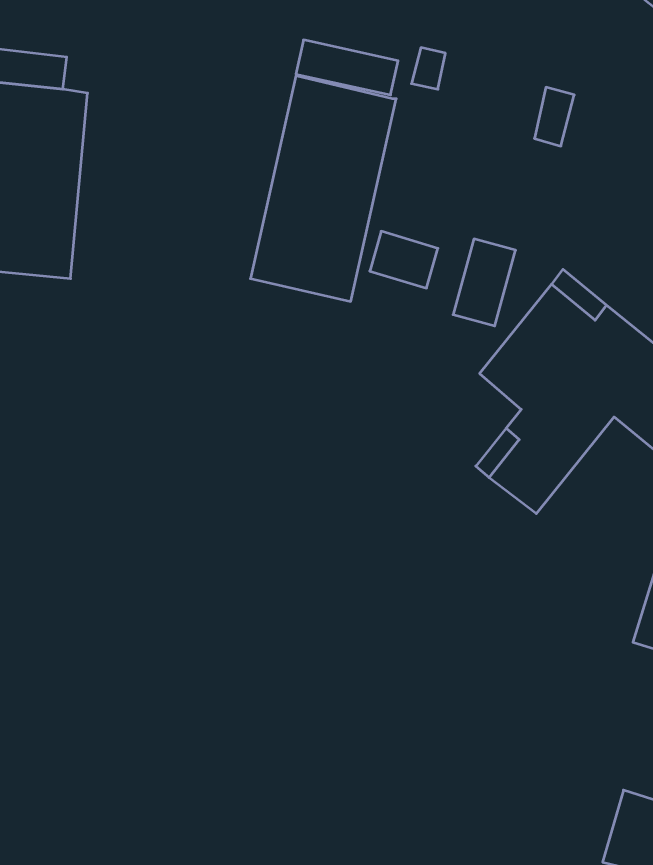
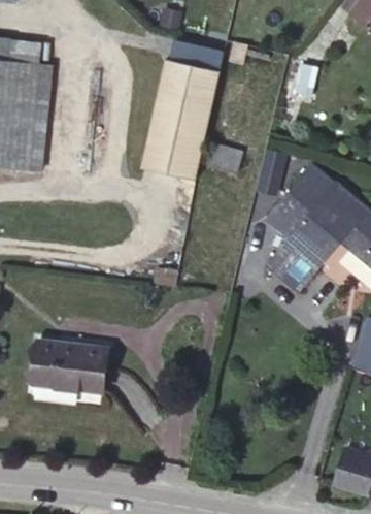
building: none -> [32,338,108,392]

